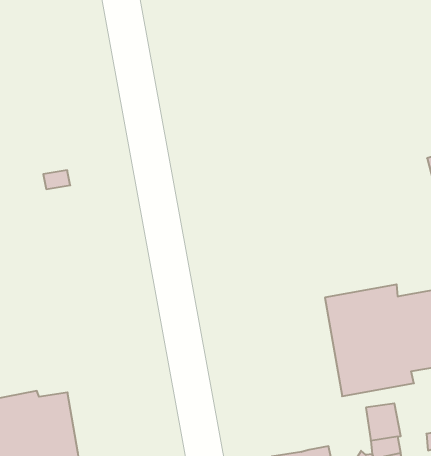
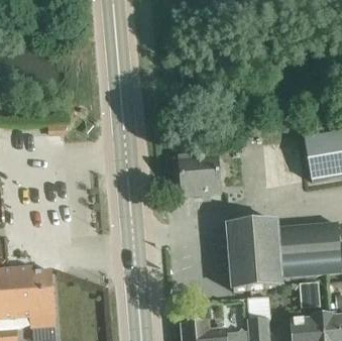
building: none -> [174,152,221,195]

